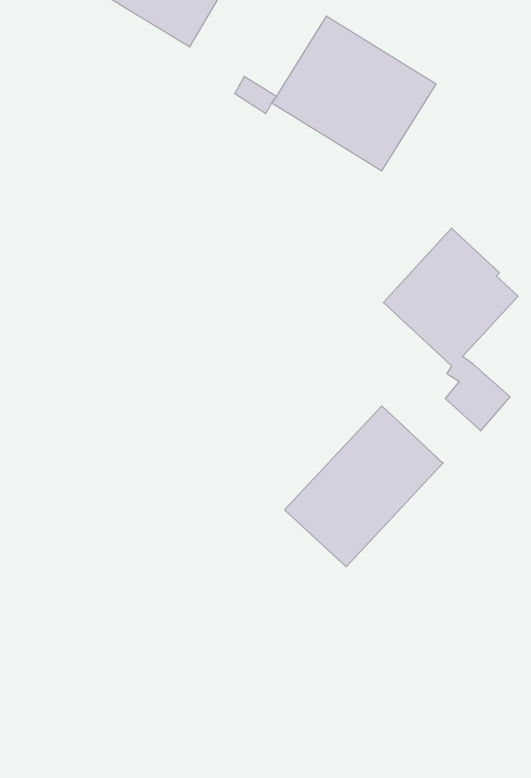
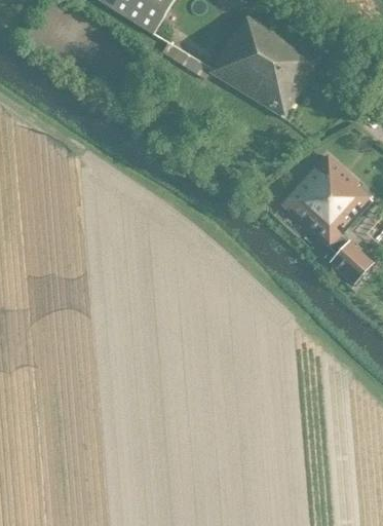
building: [285,406,443,567] -> none

